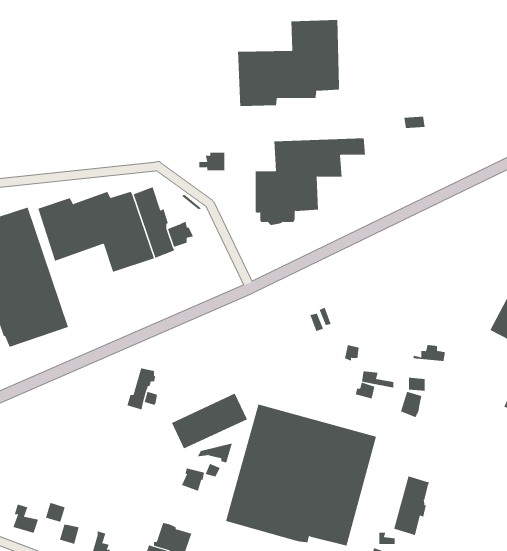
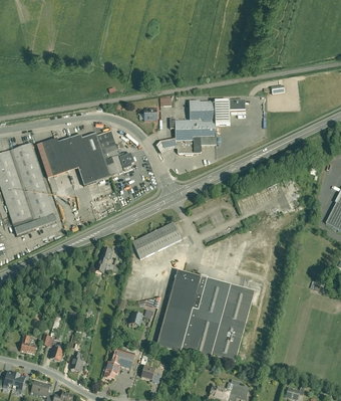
building: [238,19,339,107] -> none
building: [171,393,248,449] -> [132,222,182,258]
building: [393,476,430,536] -> none

